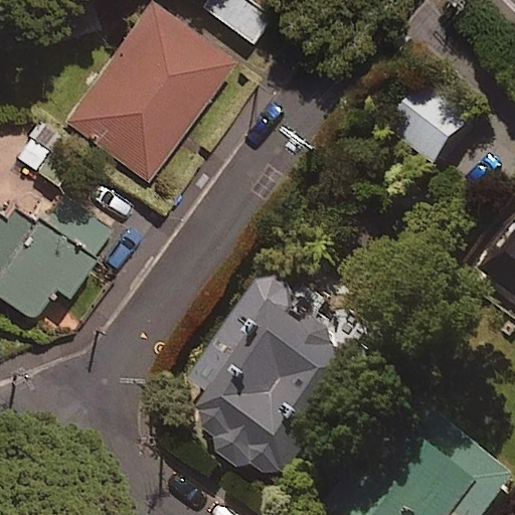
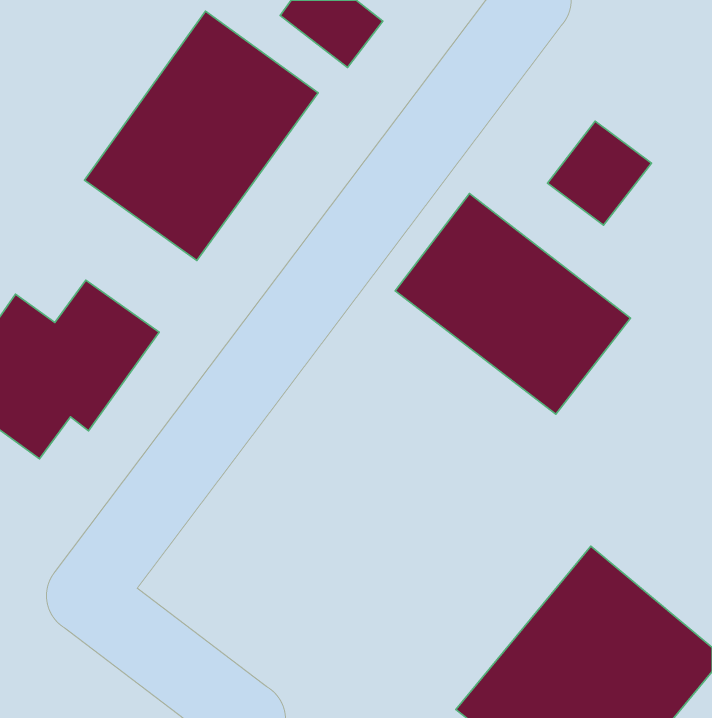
building: none -> [395,194,630,414]
building: [191,266,366,480] -> none

